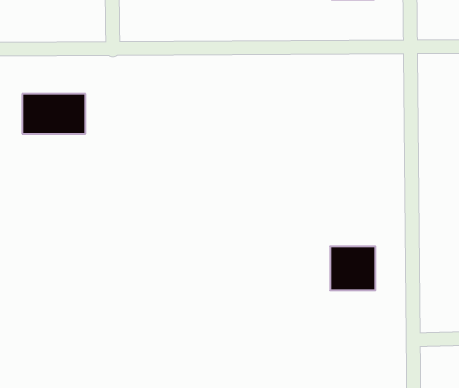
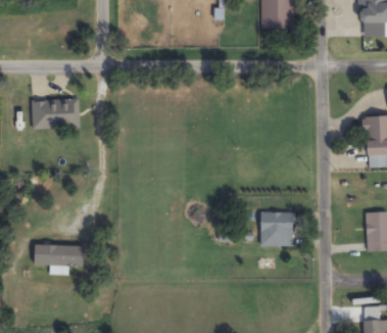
building: none -> [35,244,84,266]

